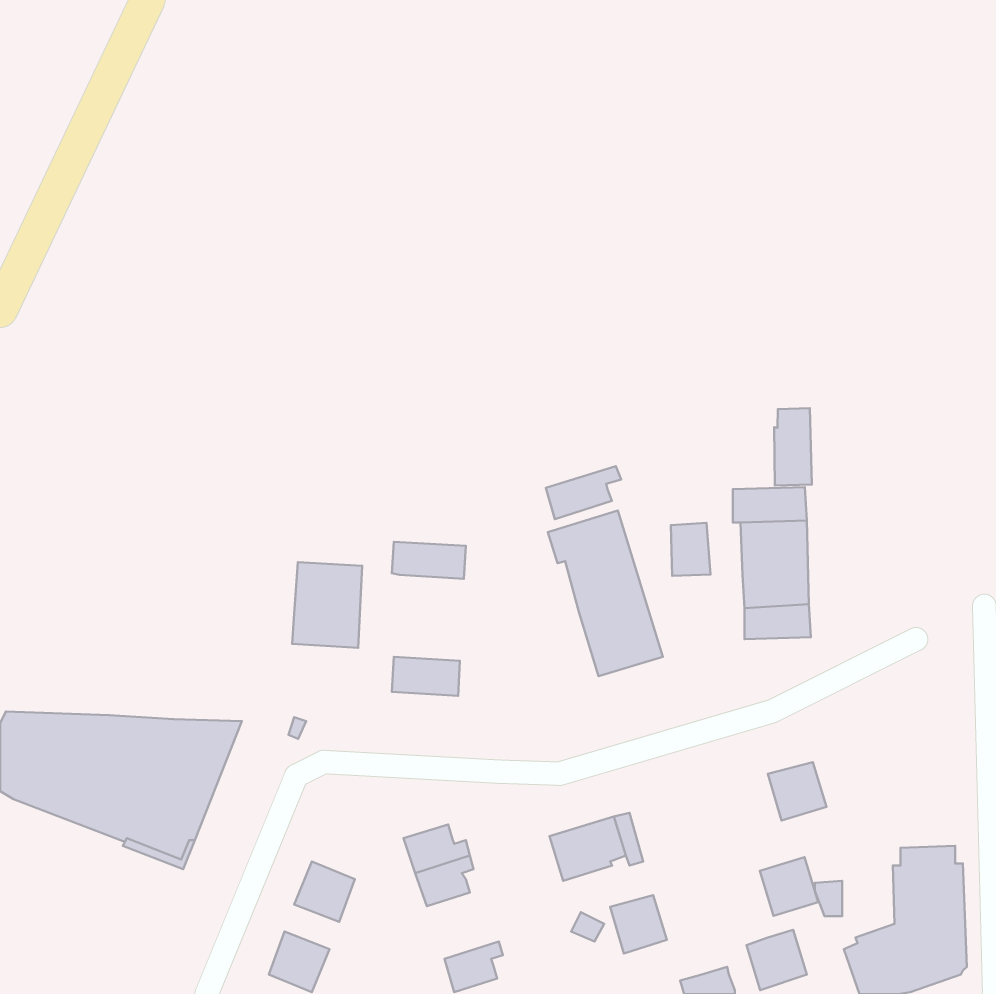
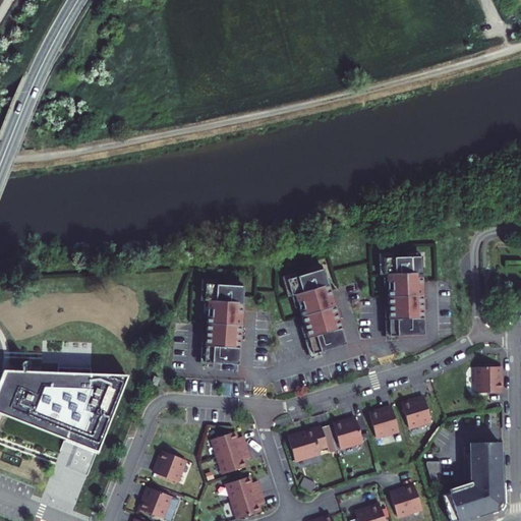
building: [774,408,812,485] -> none
building: [546,466,621,519] -> none
building: [671,523,710,576] -> none
building: [292,562,362,648] -> [206,300,242,345]
building: none -> [476,366,502,393]
building: [760,857,818,916] -> [368,407,399,438]
building: [610,895,667,954] -> [333,418,362,449]
building: none -> [226,476,260,501]

